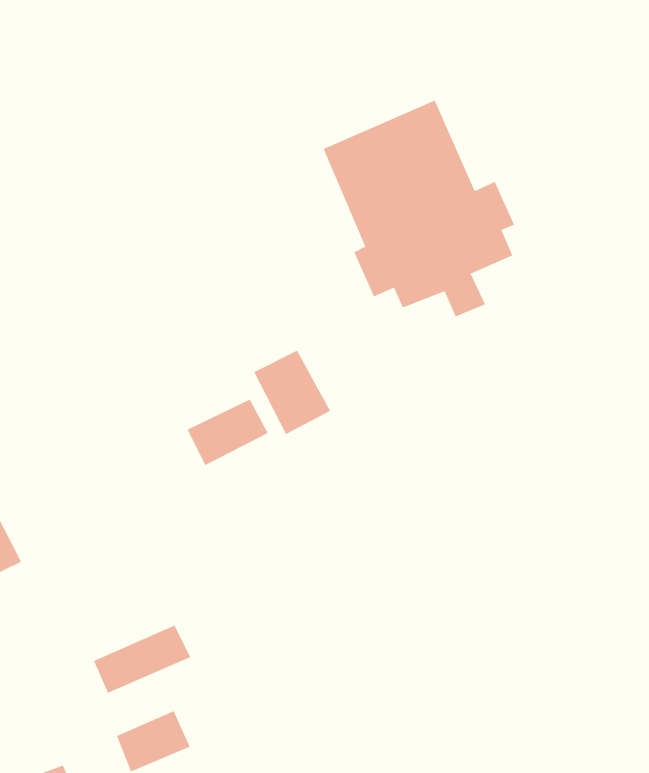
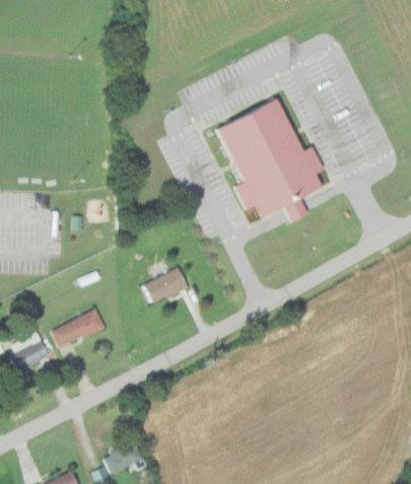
building: [253,350,331,435] -> none
building: [93,625,191,694] -> [50,309,105,348]

